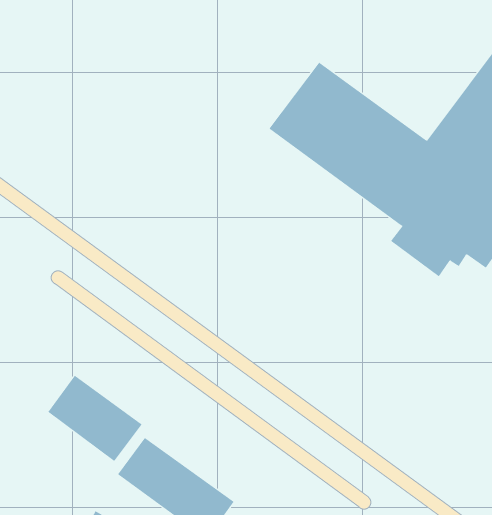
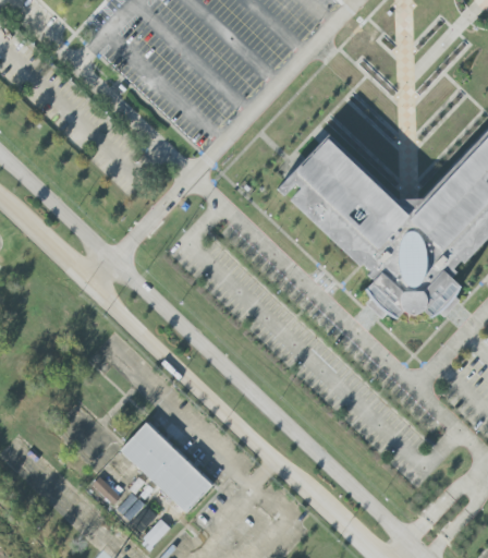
building: [48,375,142,462] -> none

